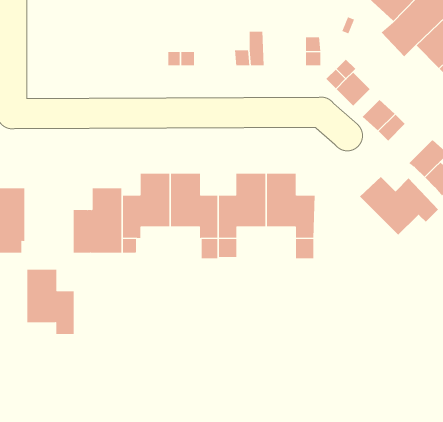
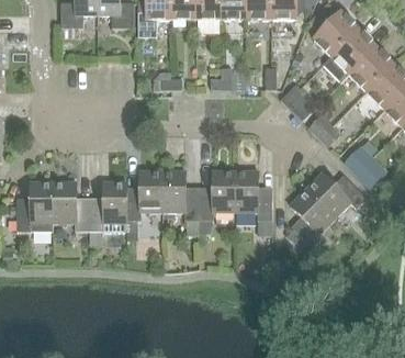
building: none -> [289,187,335,248]
building: [27,269,74,334] -> [53,180,89,230]

